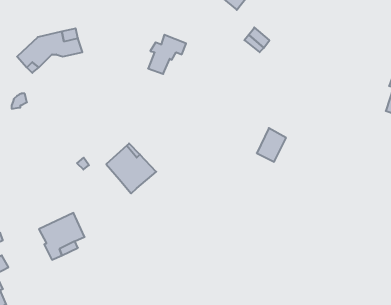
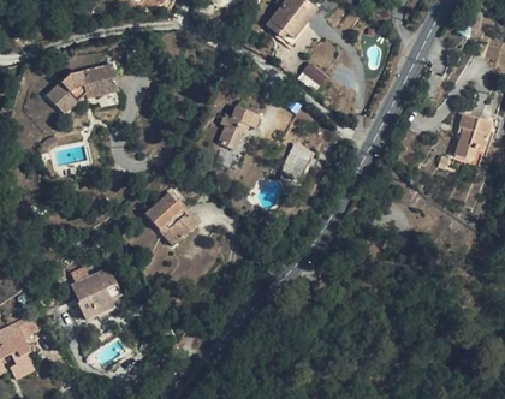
building: [148,35,186,74] -> [218,106,260,149]
building: [257,128,286,162] -> [280,143,313,180]

